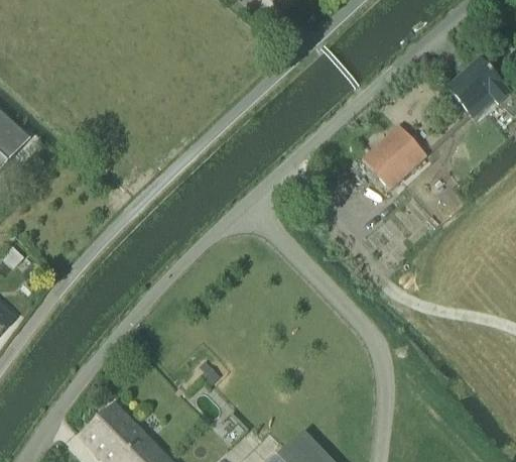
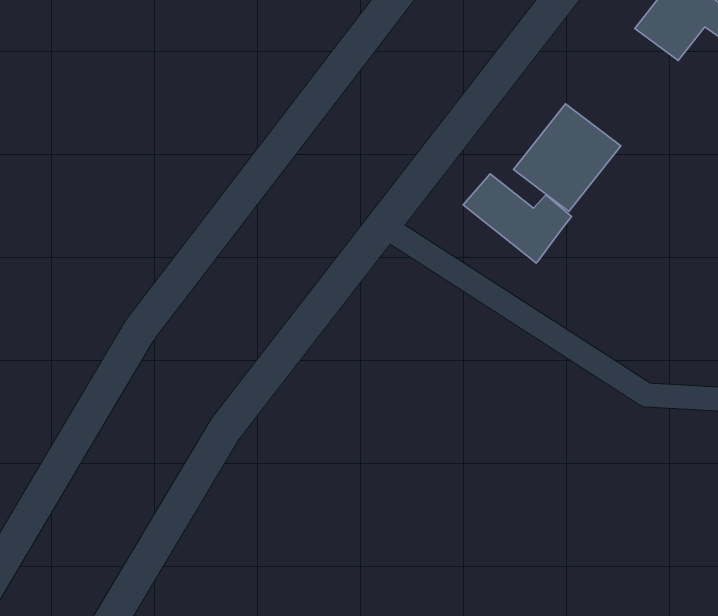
building: none -> [463,174,572,263]

